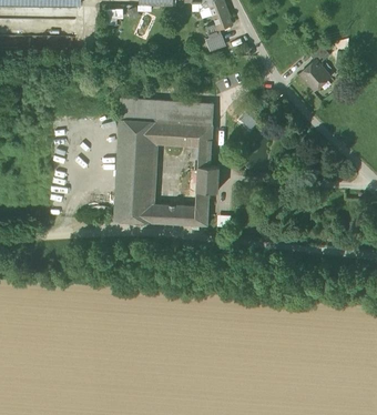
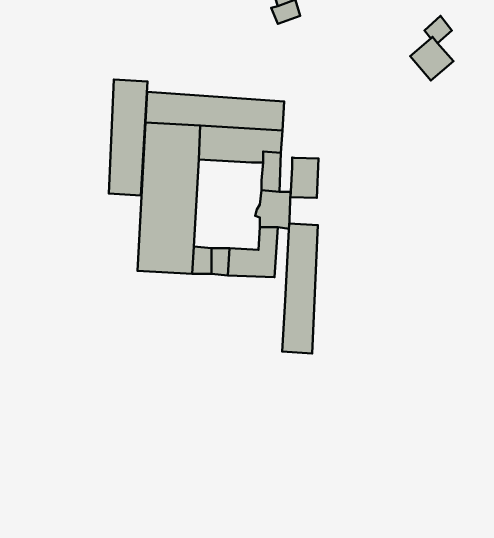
building: none -> [109,79,148,195]
building: none -> [290,158,318,198]
building: none -> [282,224,318,353]

